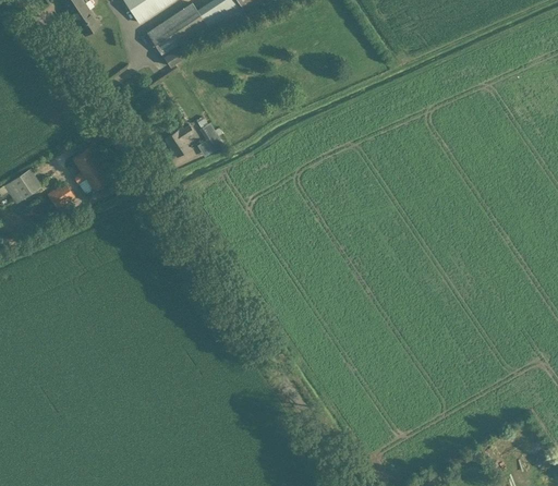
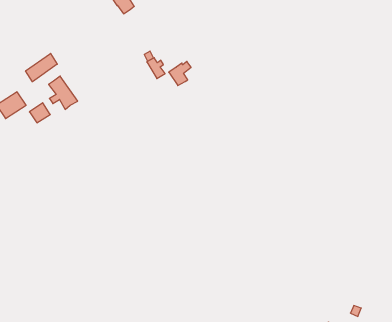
building: none -> [26,53,57,82]
building: [165,124,194,156] -> [169,61,191,86]

